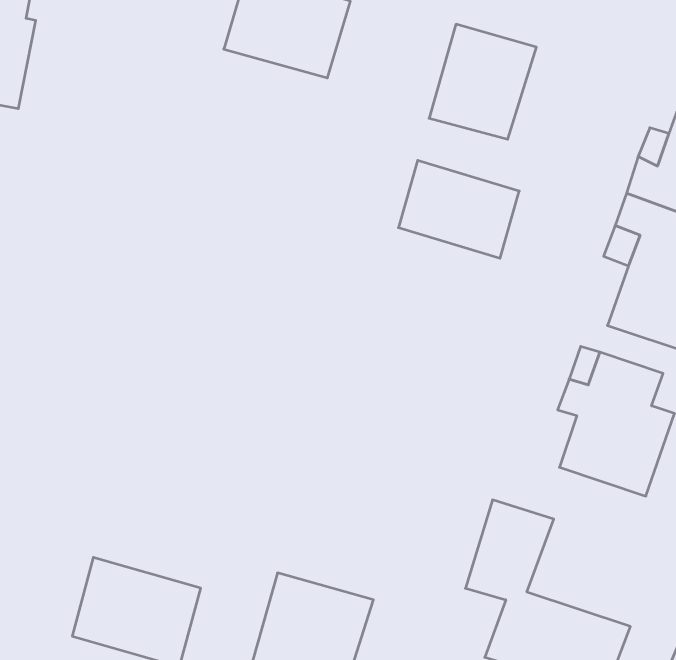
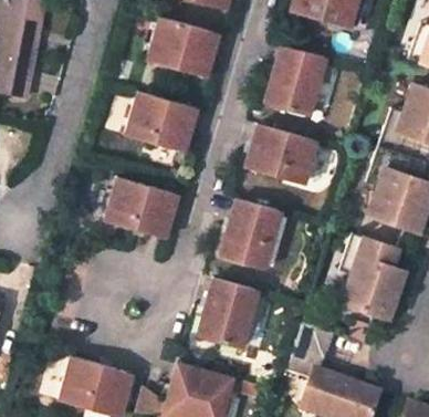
building: none -> [126,91,198,153]
building: none -> [105,176,179,239]
building: none -> [221,201,282,268]
building: none -> [198,280,258,347]

